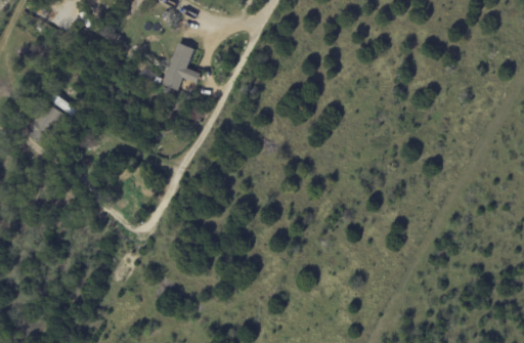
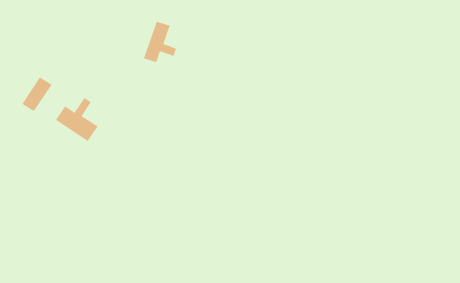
building: none -> [55,97,98,142]

